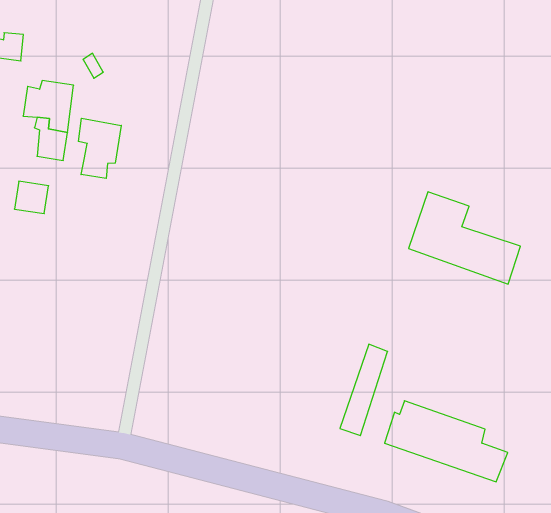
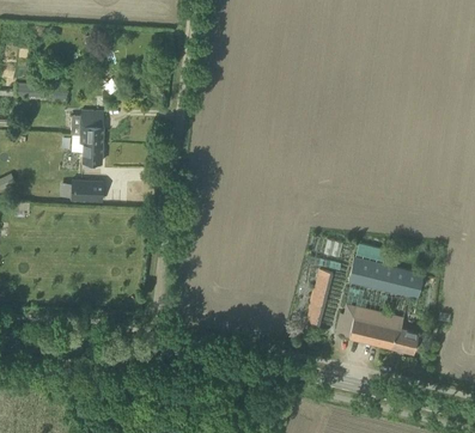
building: [78,118,121,178] -> none
building: [409,192,520,284] -> [349,242,425,299]

